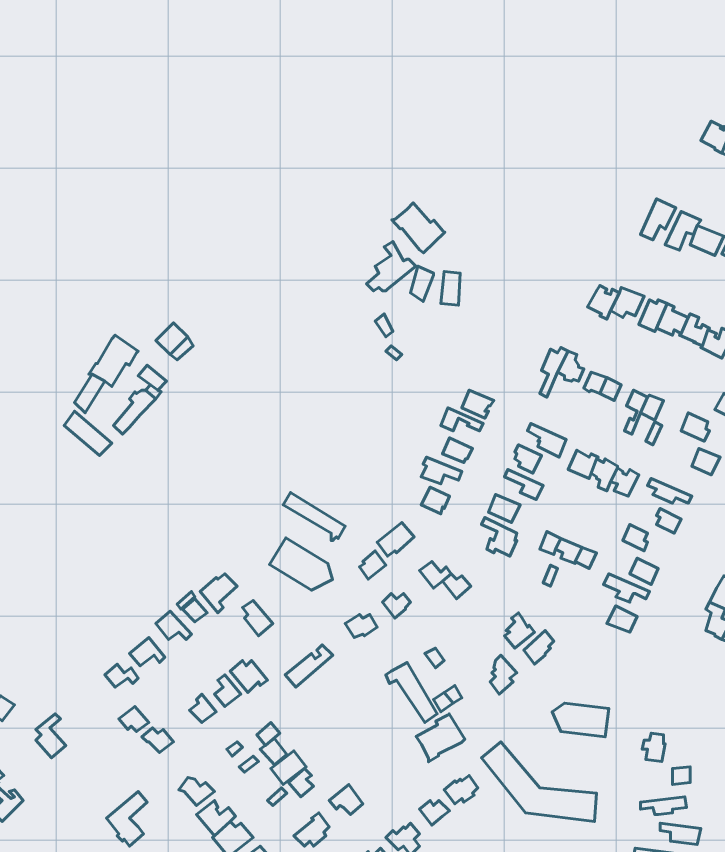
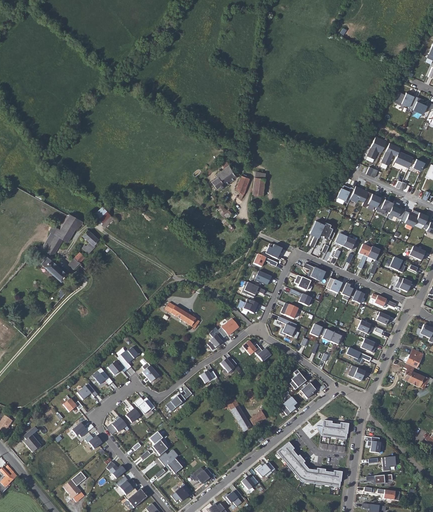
building: [392,203,445,253] -> none
building: [270,538,332,590] -> none
building: [416,714,465,762] -> none

